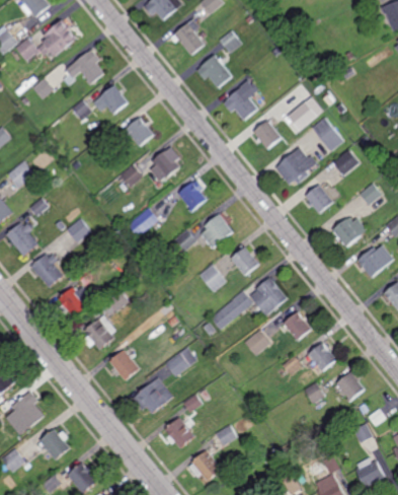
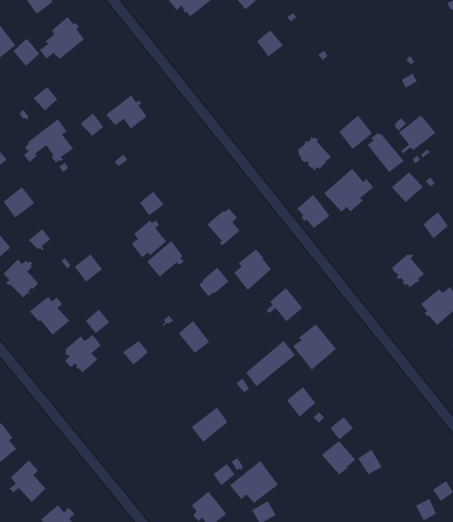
building: [170,16,207,54] -> none
building: [62,47,104,84] -> [23,119,74,163]
building: [196,52,233,86] -> none
building: [224,85,258,119] -> none
building: none -> [398,115,436,155]
building: [122,116,154,145] -> none
building: [150,147,180,180] -> [131,220,167,258]
building: [305,183,333,212] -> [297,194,330,229]
building: [198,263,226,291] -> [178,320,210,354]
building: [283,311,311,340] -> none
building: [83,314,115,349] -> none
building: [307,342,336,371] -> [321,440,356,475]
building: [108,347,139,380] -> none
building: [335,370,364,402] -> none
building: [131,376,172,413] -> [229,460,279,504]

